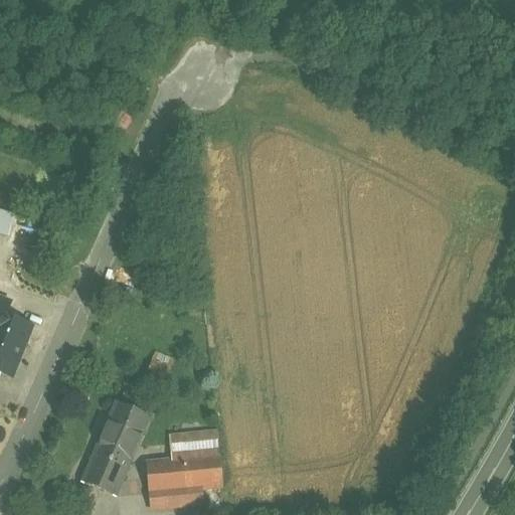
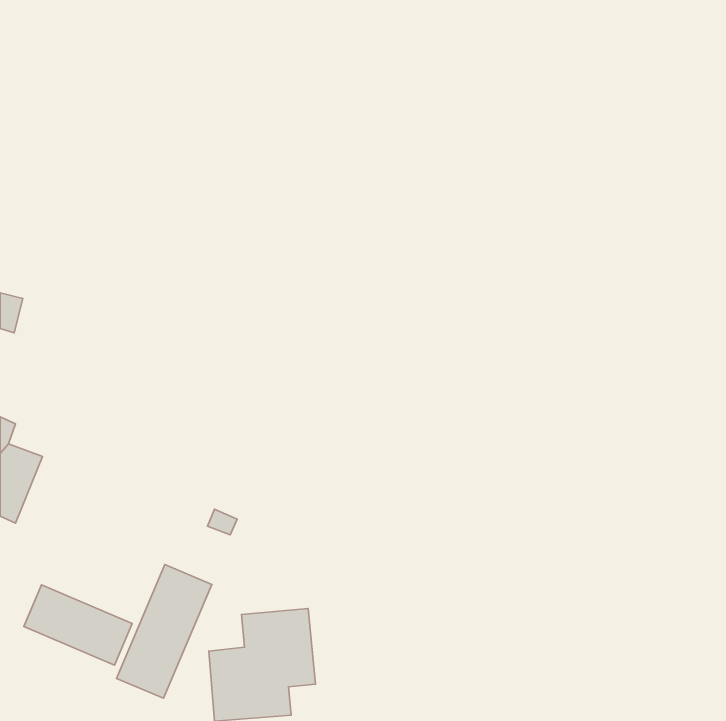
building: none -> [24,585,132,665]

